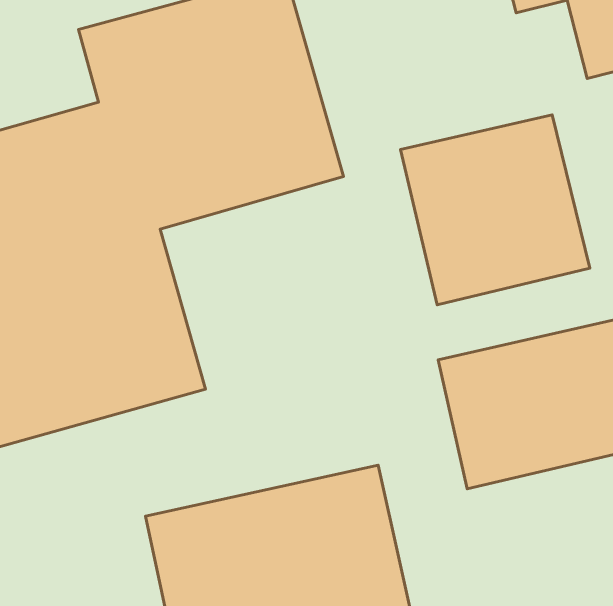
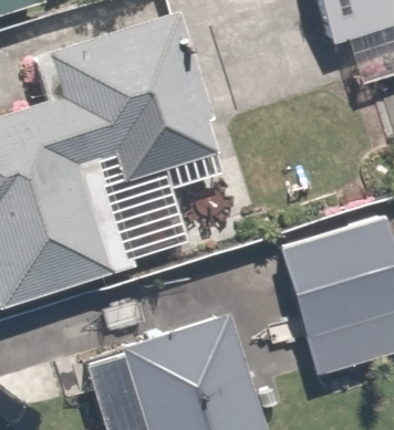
building: [401,115,590,305] -> none

